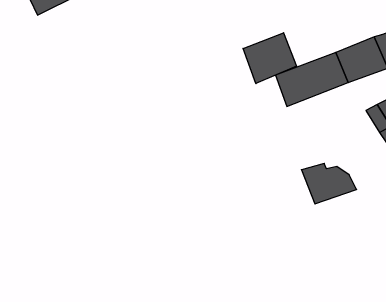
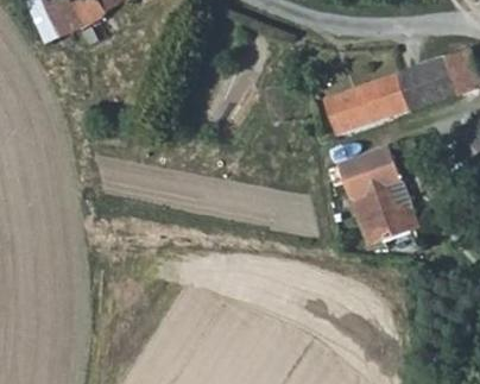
building: [243,33,296,84] -> none
building: none -> [340,146,402,208]

